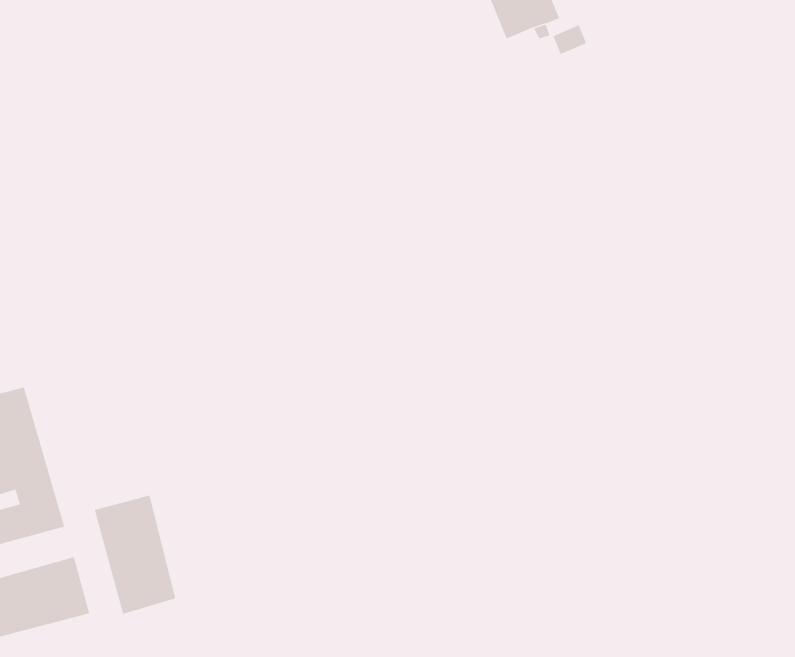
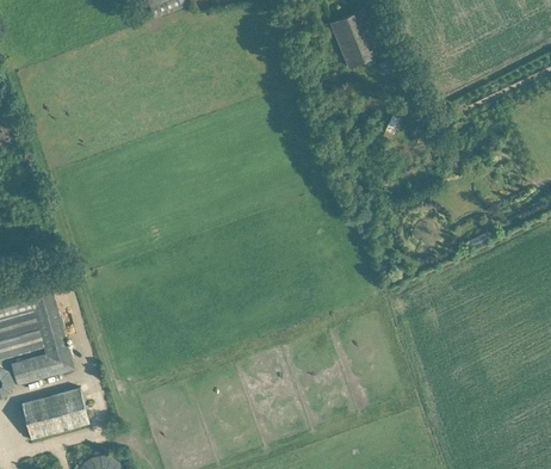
building: [94,495,176,615] -> none

